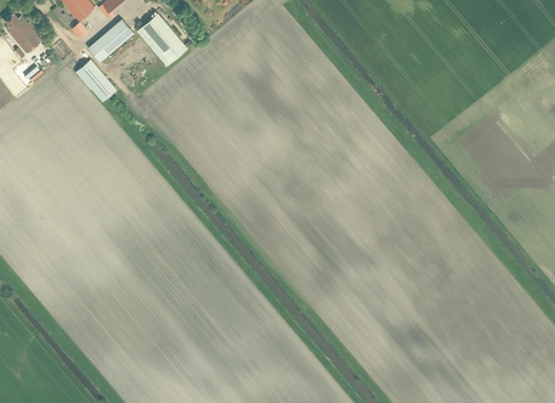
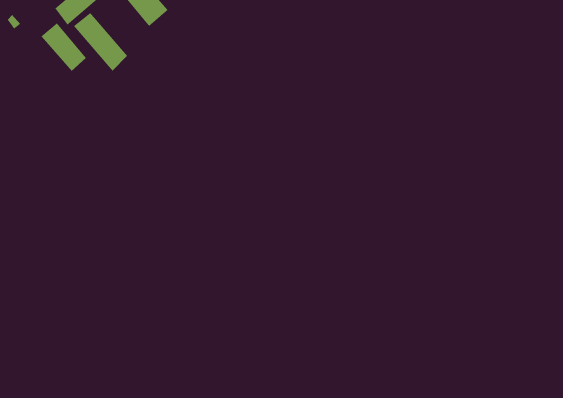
building: none -> [73,12,128,71]

